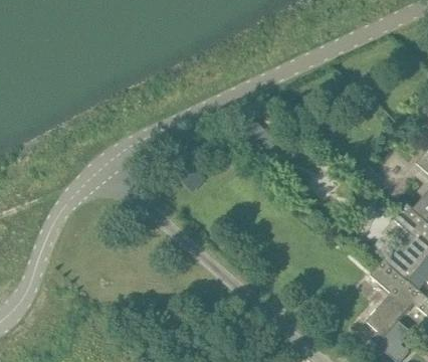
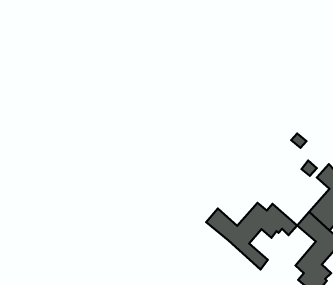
building: none -> [206,203,297,269]

